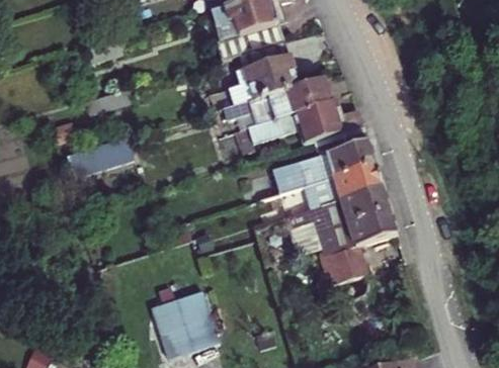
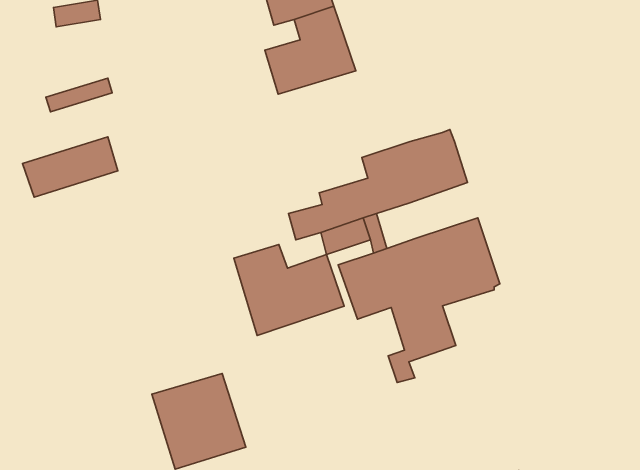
building: [221,78,356,154] -> none
building: [333,162,381,200] -> none
building: none -> [234,244,344,336]

